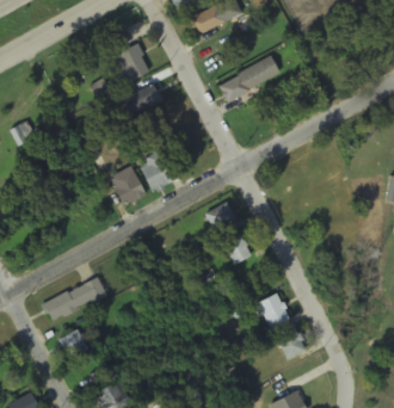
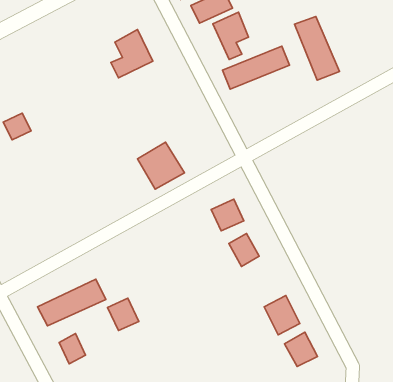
building: none -> [213,12,249,60]
building: none -> [295,16,340,80]
building: [122,82,164,117] -> none
building: [109,166,146,206] -> none
building: none -> [107,298,139,331]

